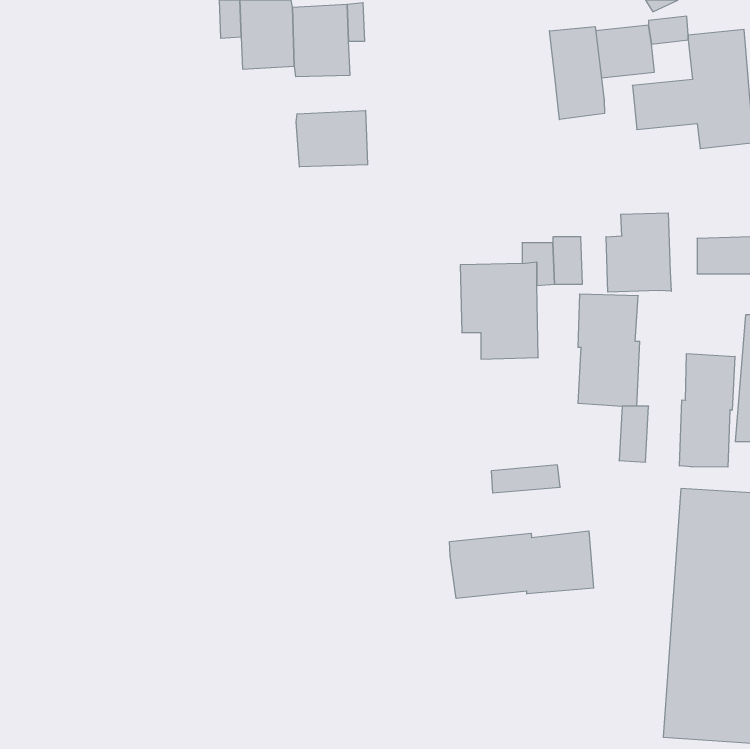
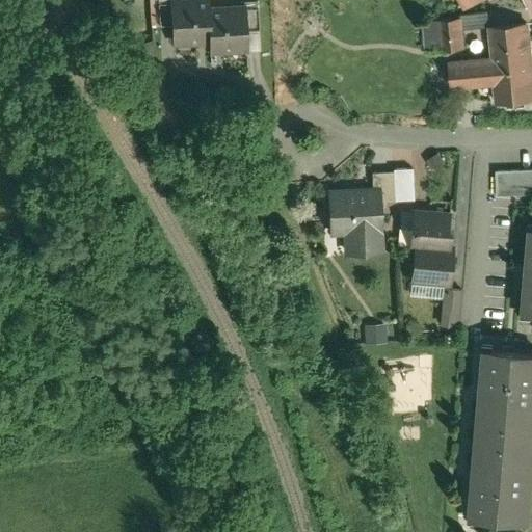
building: [550,27,605,120] -> none
building: [296,110,368,167] -> none
building: [606,213,671,292] -> none
building: [679,354,735,467] -> none
building: [450,531,594,598] -> none

